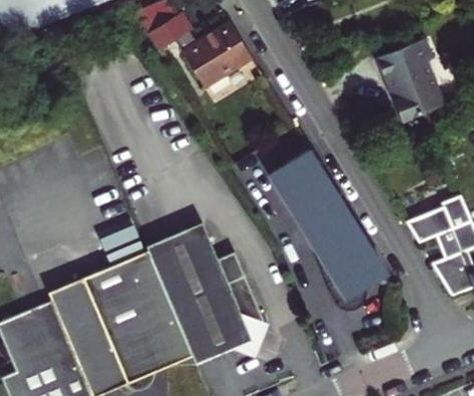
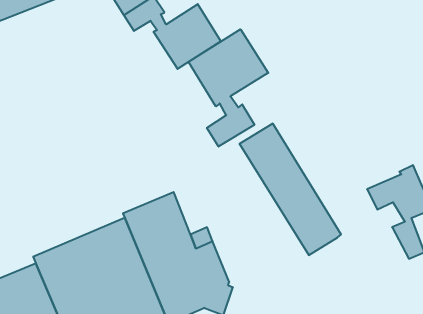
building: [378,37,446,121] -> none
building: none -> [188,29,268,147]
building: [268,170,382,308] -> none

